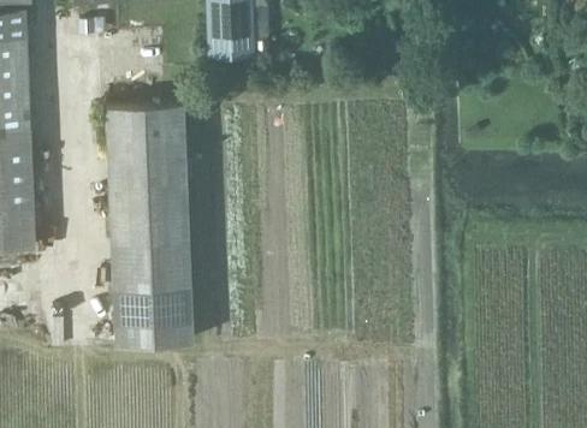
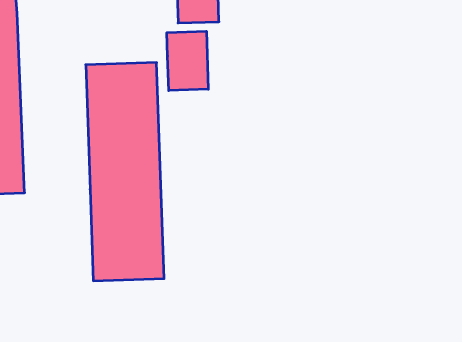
building: none -> [167,31,208,91]

